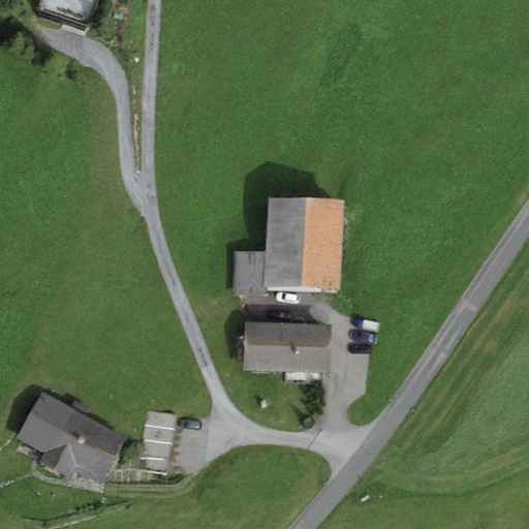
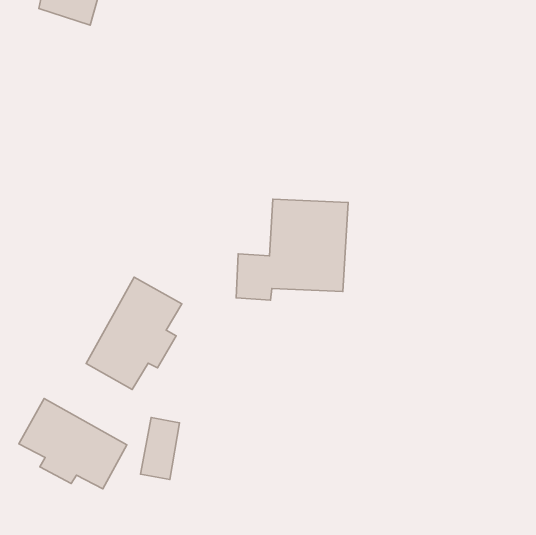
building: none -> [86,277,182,390]
building: [242,319,330,372] -> none

